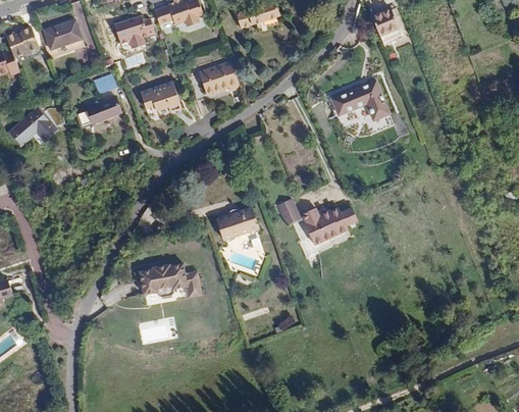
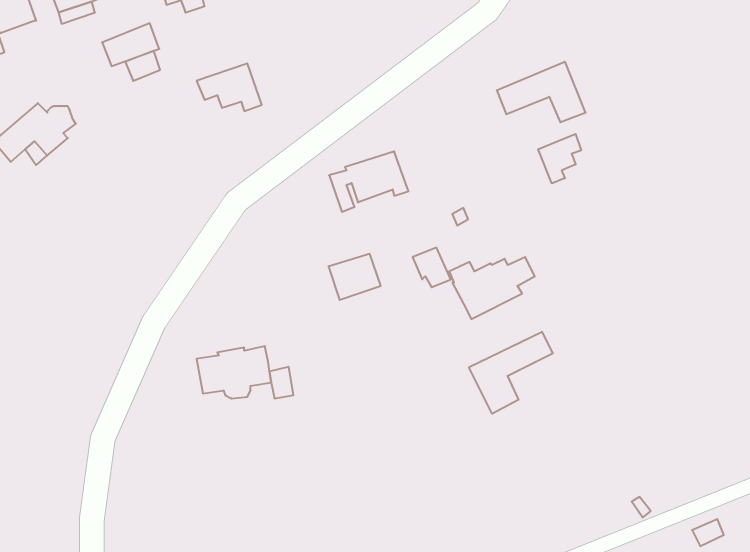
building: [188,62,239,101] -> [329,151,409,212]
building: [85,96,121,123] -> [102,23,159,66]
building: none -> [538,134,581,183]
building: none -> [469,332,553,414]

